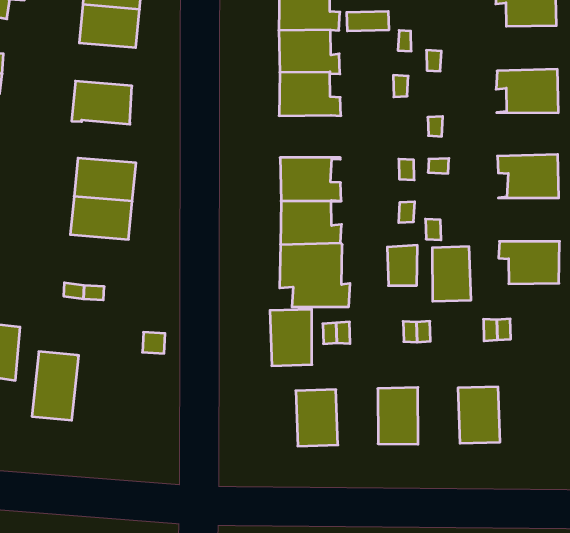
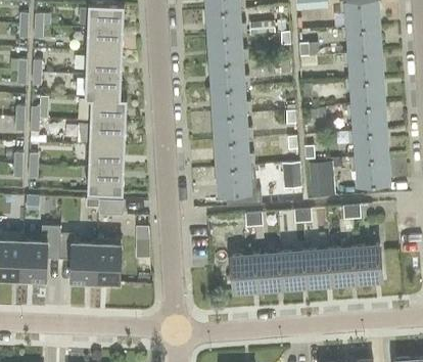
building: none -> [341,25,380,54]
building: none -> [86,51,122,76]
building: none -> [344,78,383,106]
building: none -> [212,87,250,115]
building: none -> [90,98,127,123]
building: none -> [348,130,387,159]
building: none -> [88,169,124,193]
building: [270,309,312,366] -> [255,253,283,288]
building: none -> [95,237,122,283]
building: none -> [355,245,382,281]
building: none -> [306,250,333,285]

